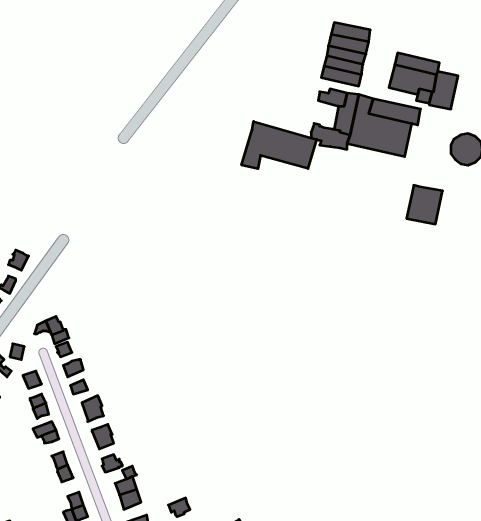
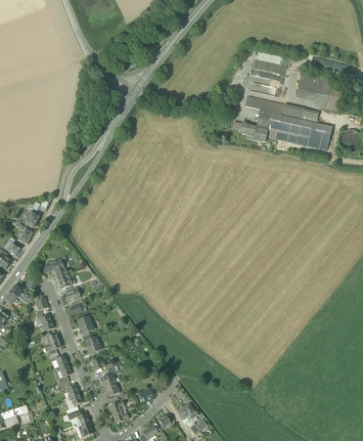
building: [242,121,317,169] -> none
building: [407,185,443,224] -> [306,122,331,149]

